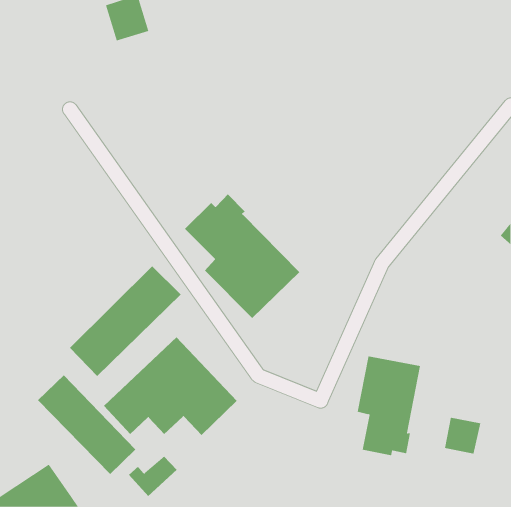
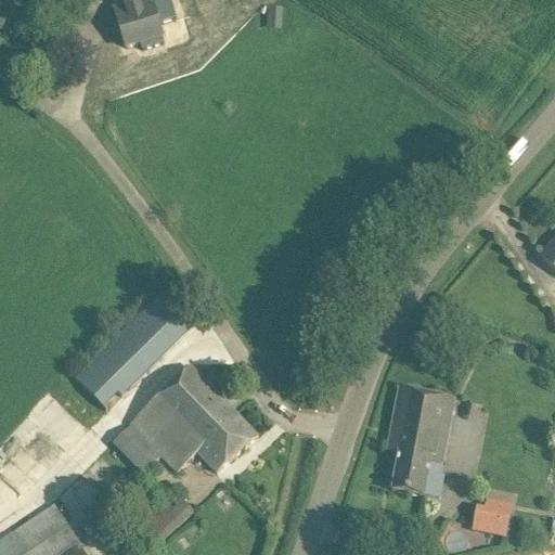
building: [184,194,300,319] -> none
building: [37,375,136,475] -> none
building: [444,417,481,454] -> [475,494,515,534]

